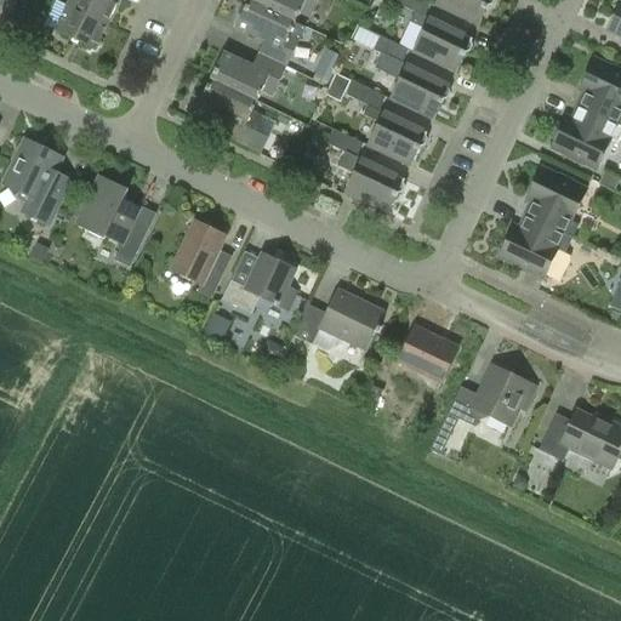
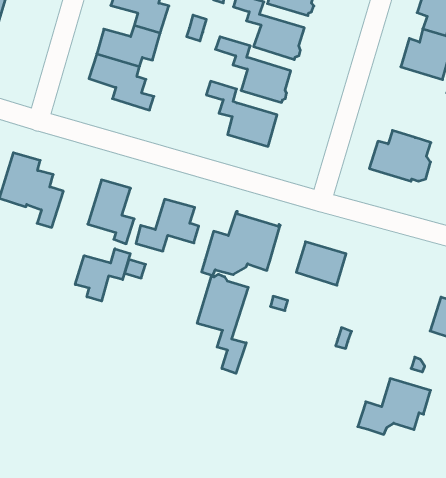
building: [526,167,586,228] -> none
building: none -> [75,249,130,301]
building: none -> [197,274,248,373]
building: [448,364,536,426] -> [358,379,431,434]

